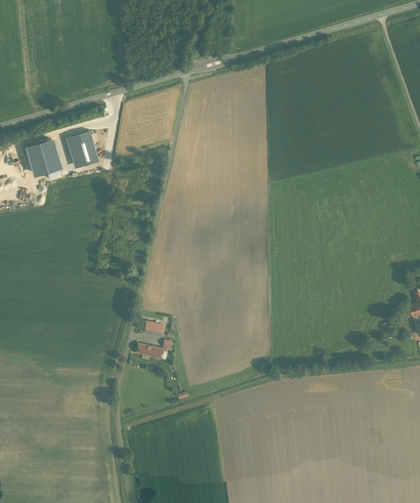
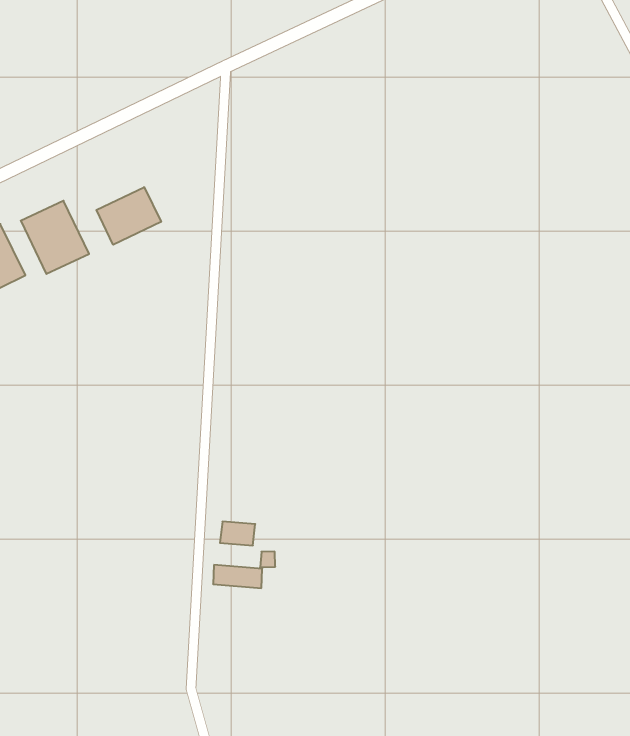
building: none -> [96,187,161,245]

